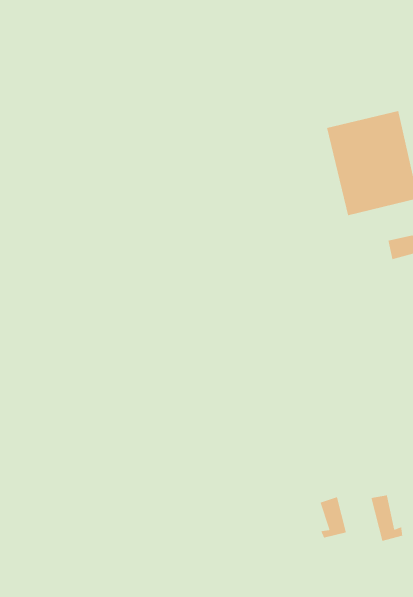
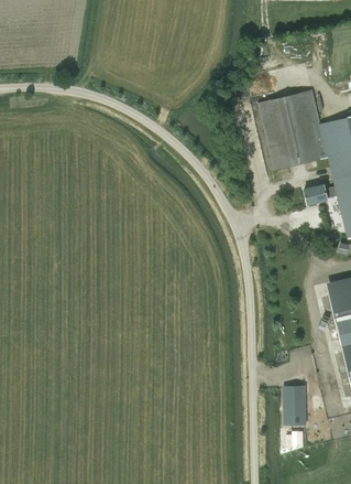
building: [320,496,347,539] -> none

